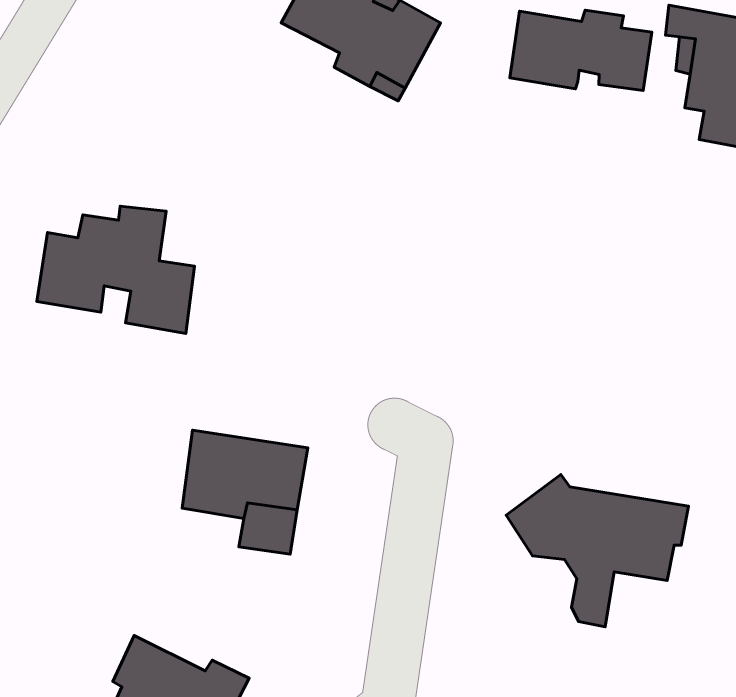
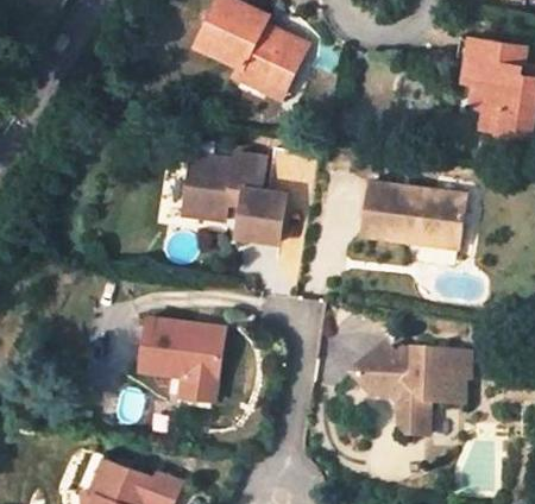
building: [510,10,652,91] -> none
building: [37,206,195,334] -> [176,151,282,237]
building: none -> [365,178,468,250]

